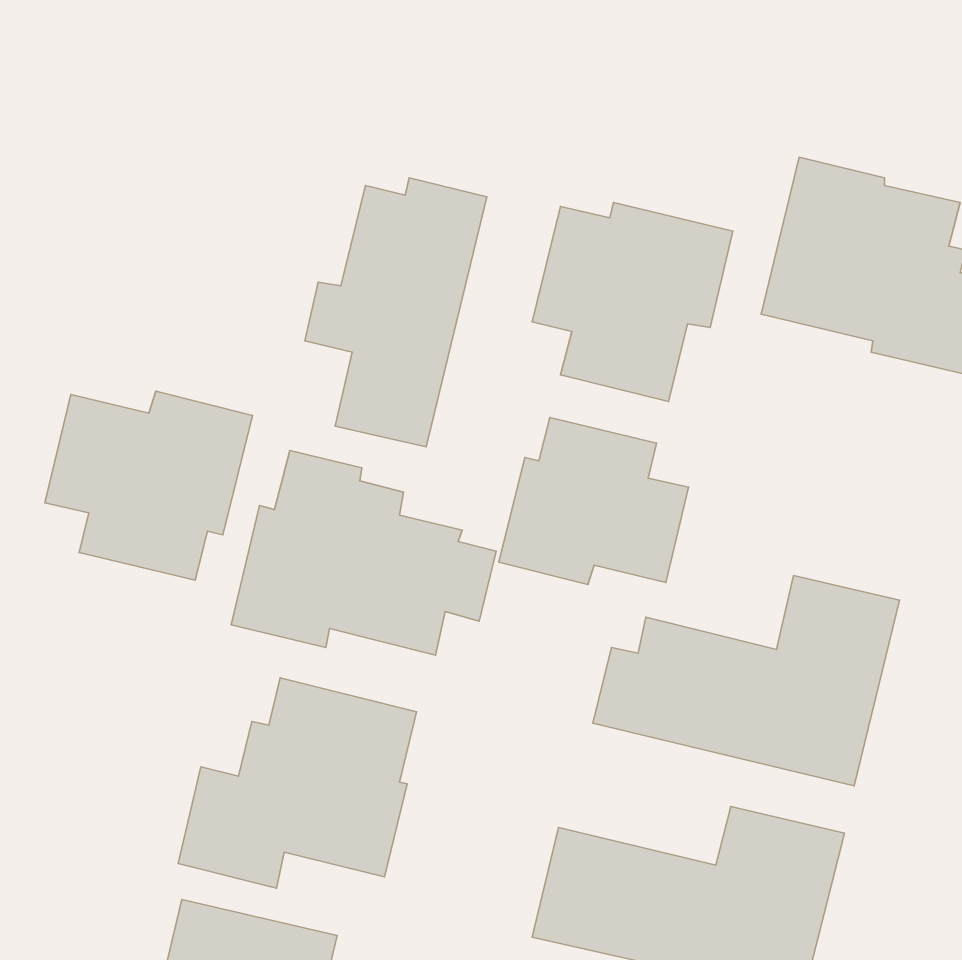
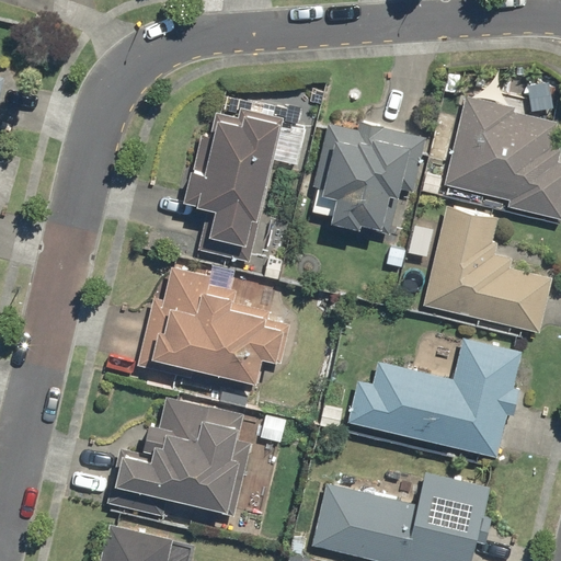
building: none -> [422,206,553,333]
building: [45,391,252,580] -> none
building: [499,418,689,584] -> none

